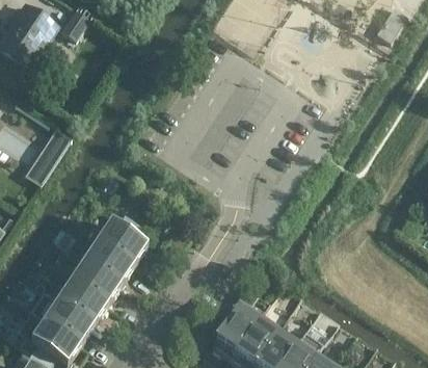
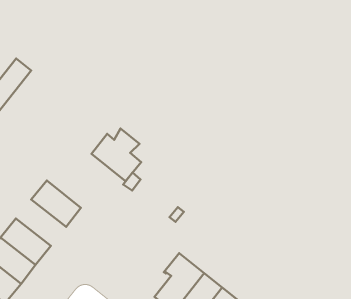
building: [100,211,149,262] -> [92,129,141,181]
building: [73,258,123,301] -> none

